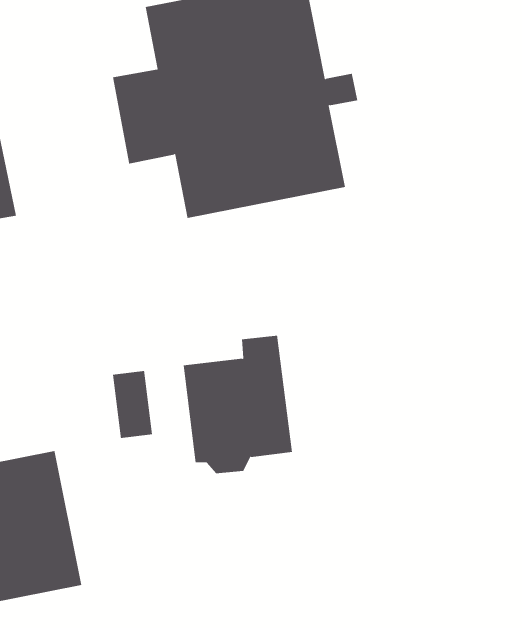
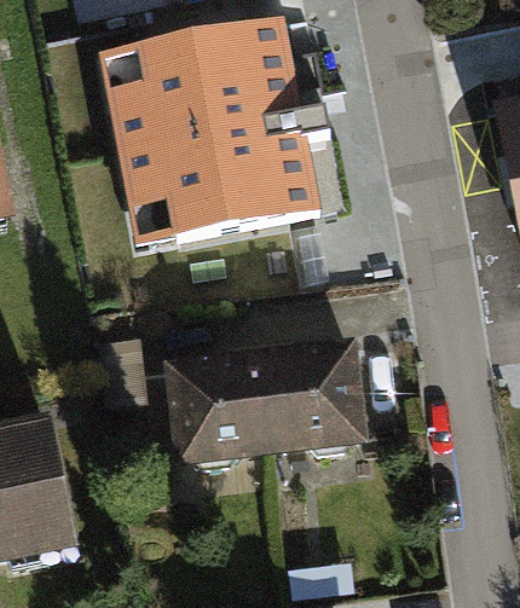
building: none -> [254,331,354,445]

